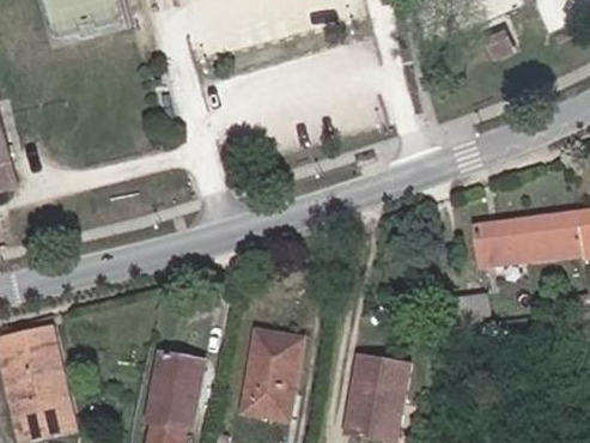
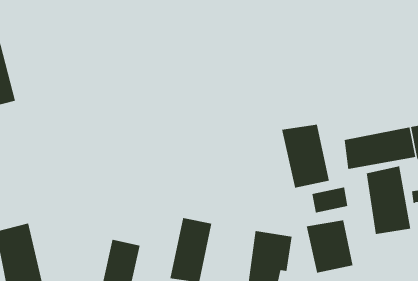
building: none -> [282,124,329,189]
building: none -> [366,165,411,235]
building: none -> [306,219,353,273]

